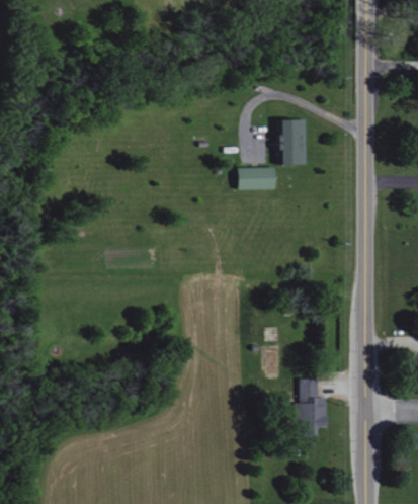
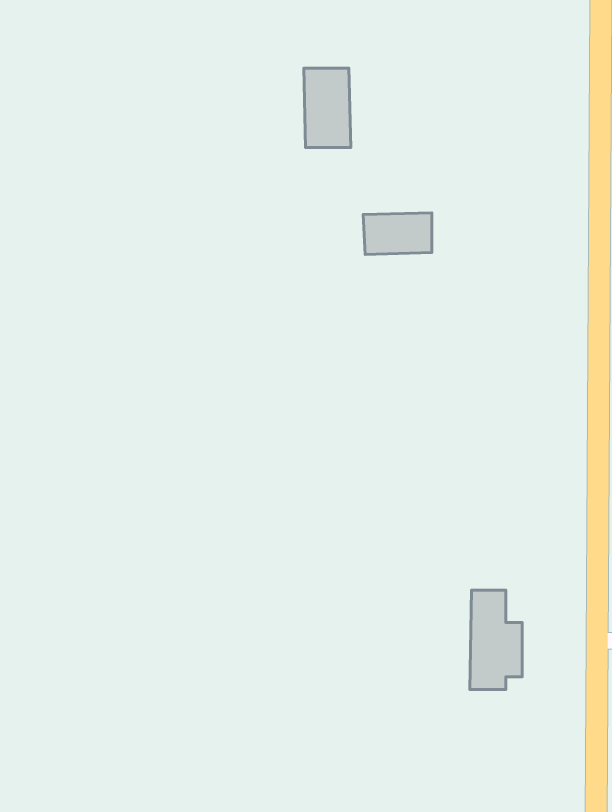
building: [280,119,307,164] -> [304,68,351,148]

